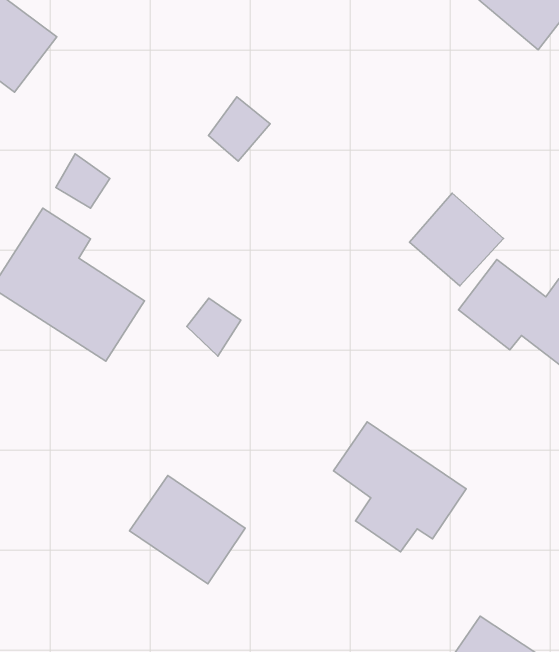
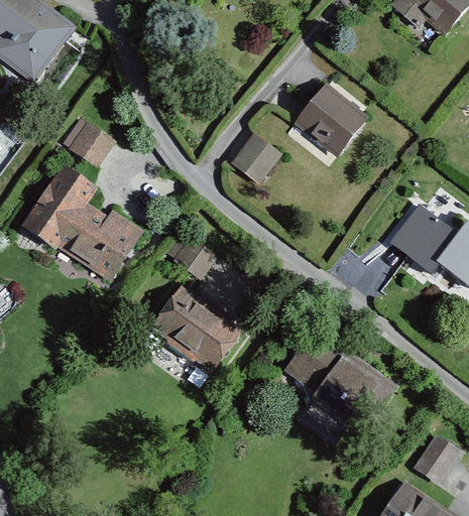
building: [208,97,270,161] -> [234,131,282,181]
building: [410,193,504,286] -> [296,85,369,157]
building: [129,476,245,584] -> [150,286,241,371]
building: none -> [416,435,456,479]

